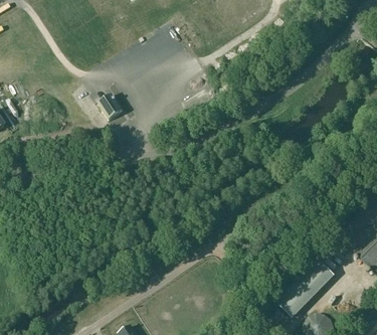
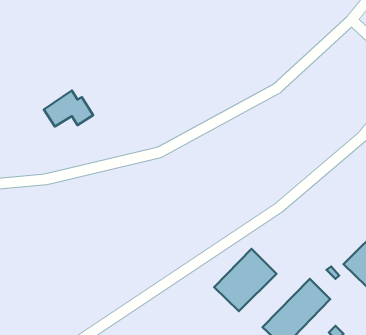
building: none -> [214,249,277,311]

